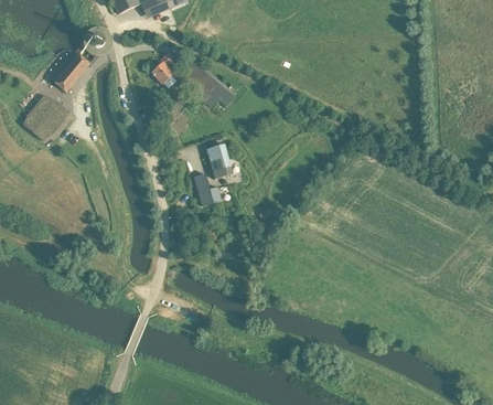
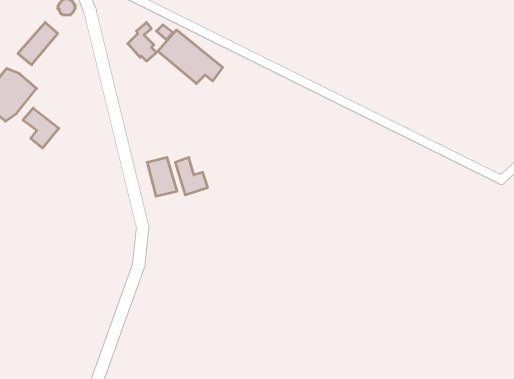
building: none -> [23,108,59,148]
building: [206,143,233,178] -> [147,157,177,196]

